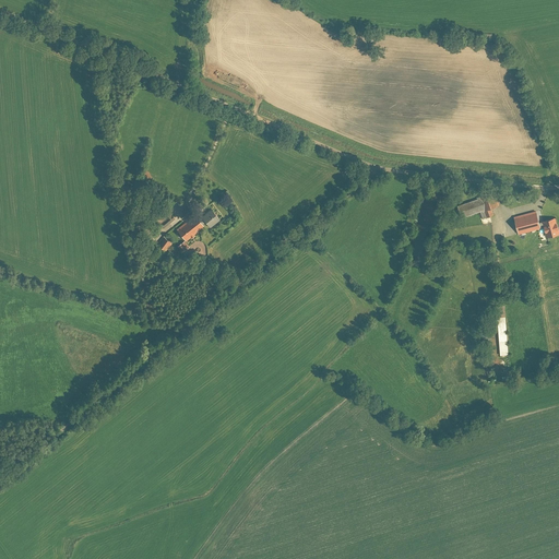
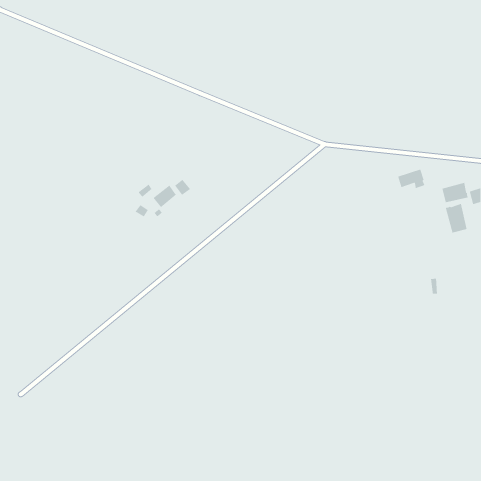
building: none -> [445,203,467,234]

